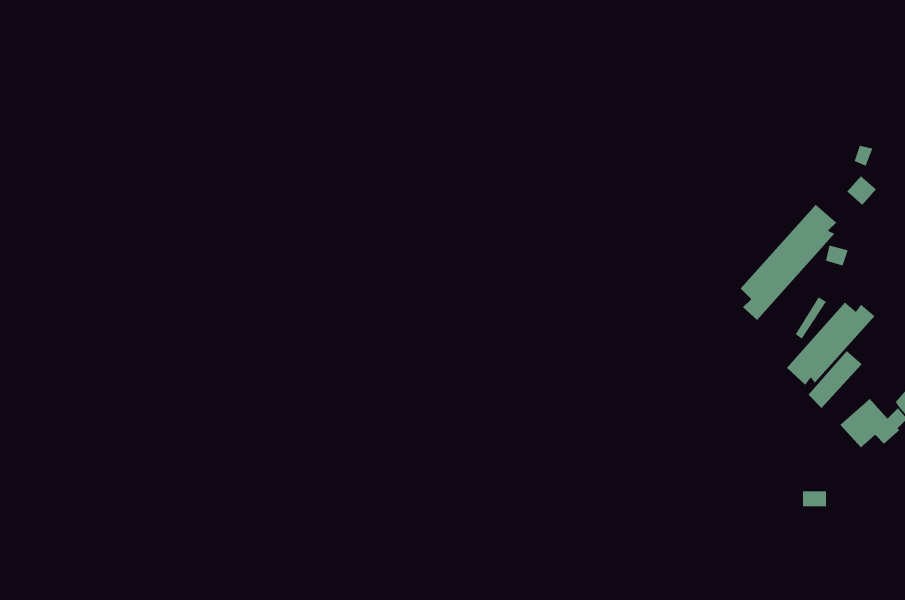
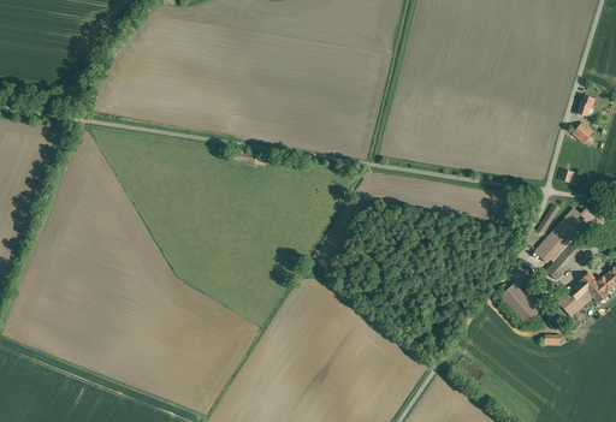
building: [740,204,837,321] -> none
building: none -> [502,284,550,323]

